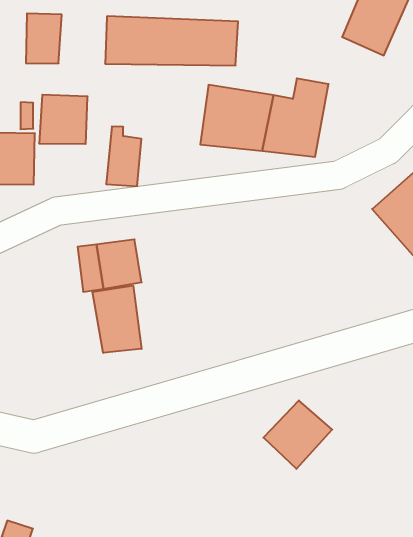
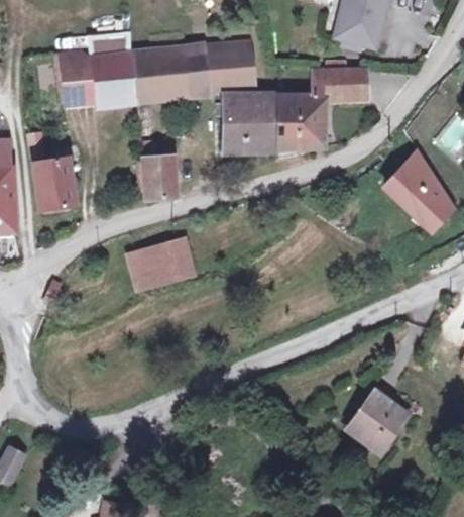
building: none -> [300,75,370,104]
building: [39,95,88,144] -> [89,50,132,97]
building: [92,286,142,353] -> none
building: [263,400,332,469] -> [341,402,399,461]

